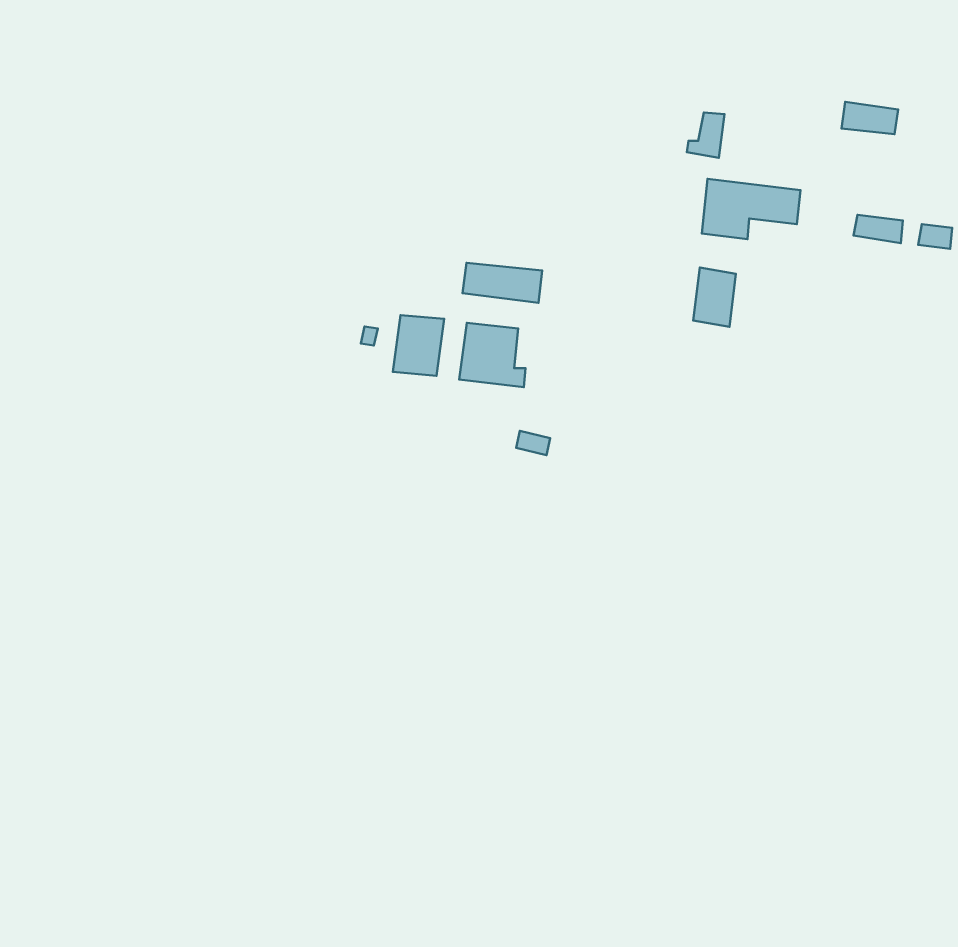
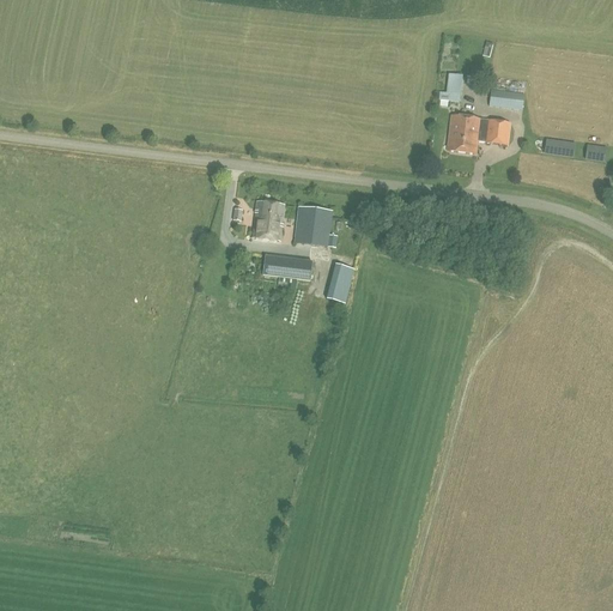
building: [841,102,898,134] -> [488,87,524,108]
building: [463,263,542,303] -> [262,254,312,279]
building: [693,268,736,327] -> none

